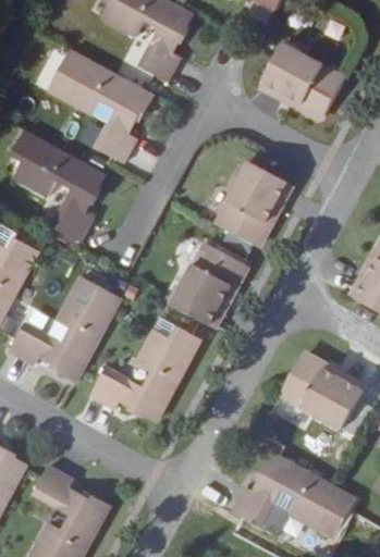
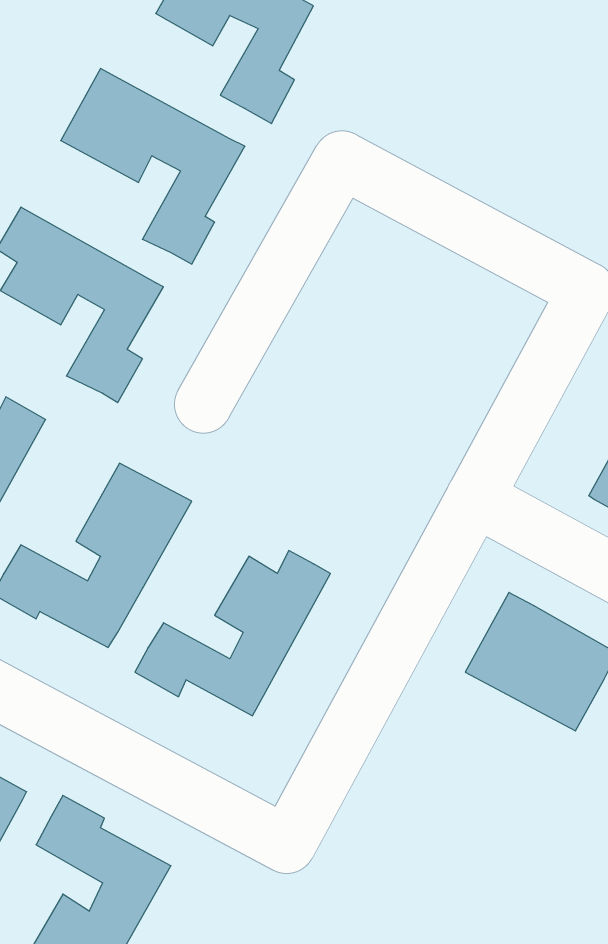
building: [258,41,345,121] -> none
building: [214,161,294,247] -> none
building: [170,242,249,329] -> none
building: [232,454,356,533] -> none

